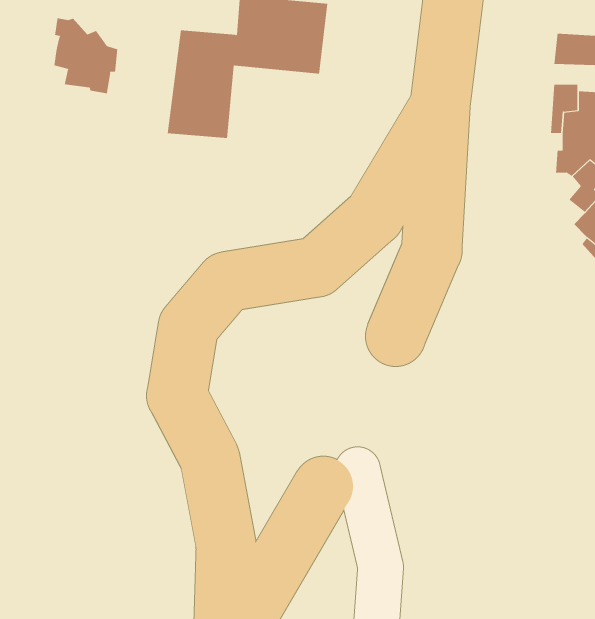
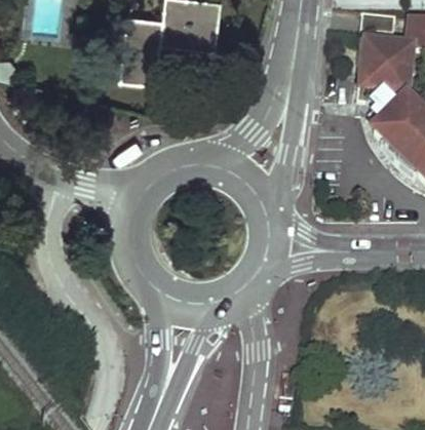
building: [54,17,118,94] -> none

